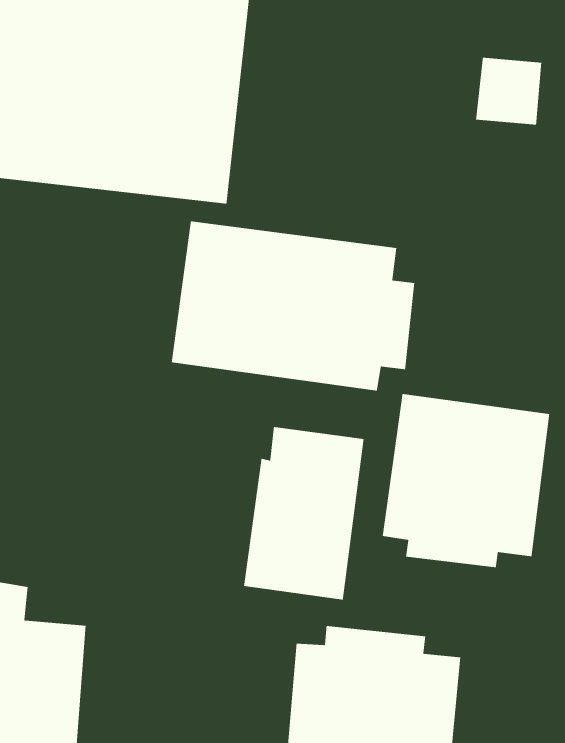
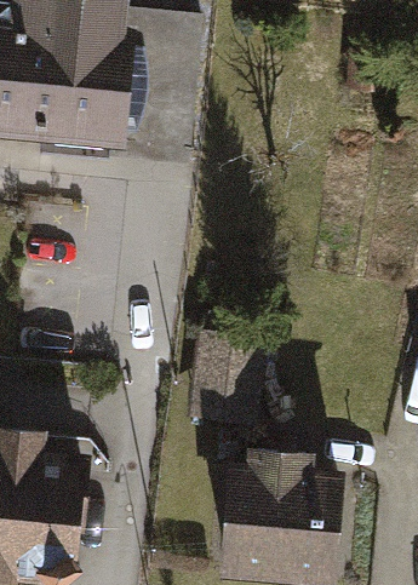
building: [171,221,415,391] -> none
building: [382,393,550,568] -> none

